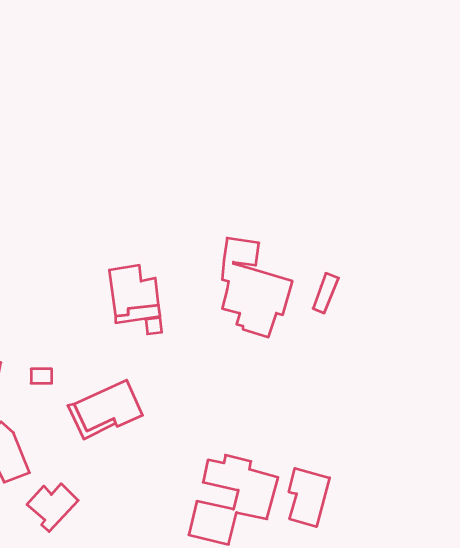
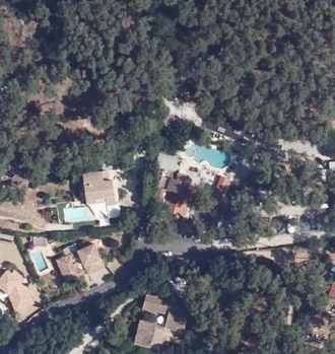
building: [289,468,330,527] -> none
building: [27,484,78,532] -> none

